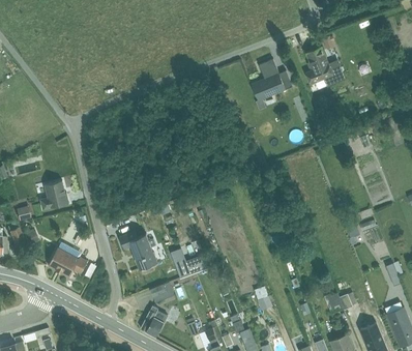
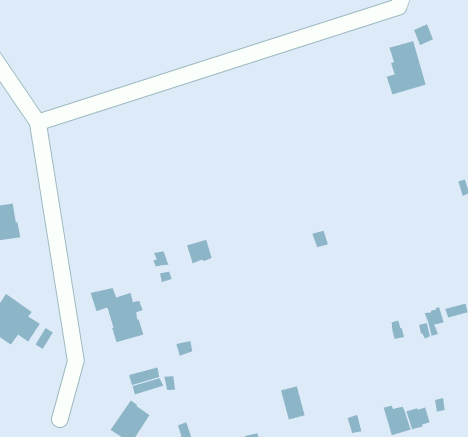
building: [252,58,293,100] -> none

